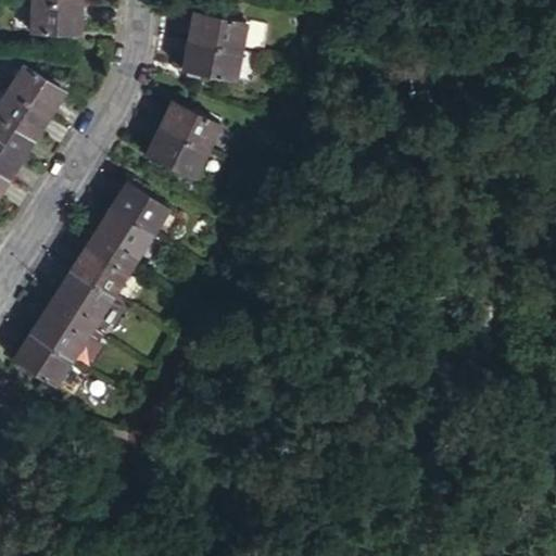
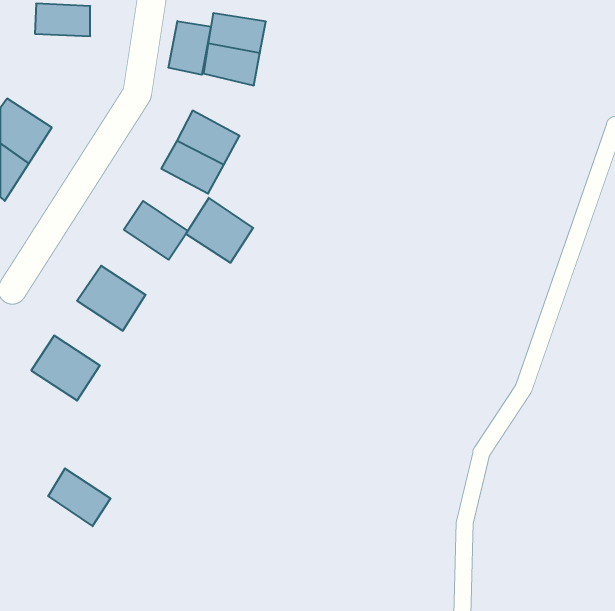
building: none -> [168,21,211,75]
building: [7,67,63,118] -> none
building: [91,211,152,269] -> [186,198,253,263]
building: [49,275,111,333] -> none
building: [13,338,70,390] -> [48,468,111,526]

